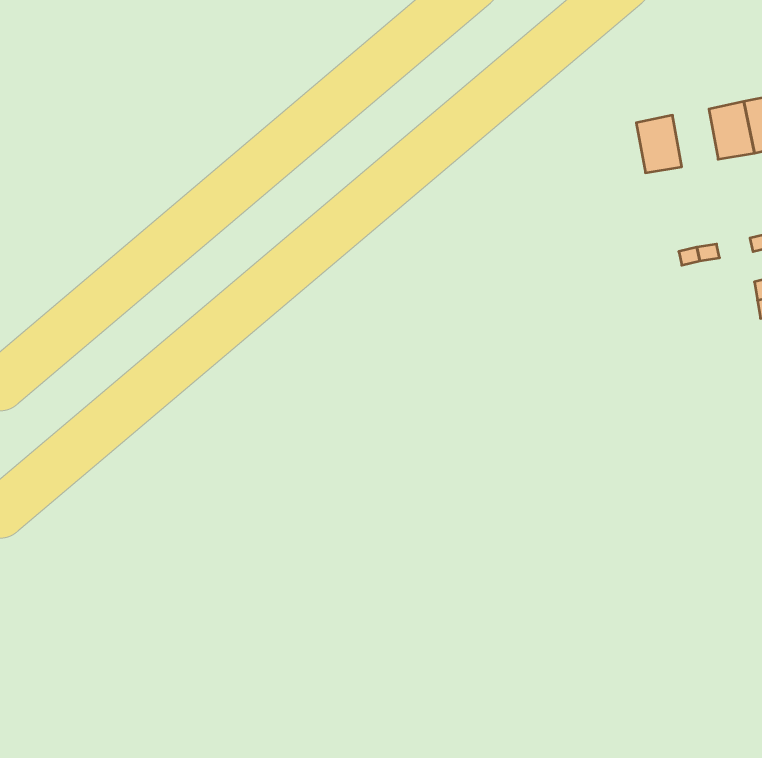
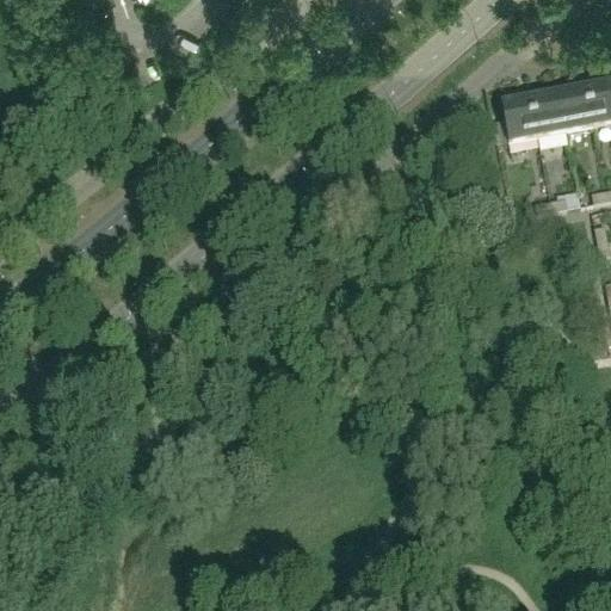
building: none -> [539,86,575,131]

